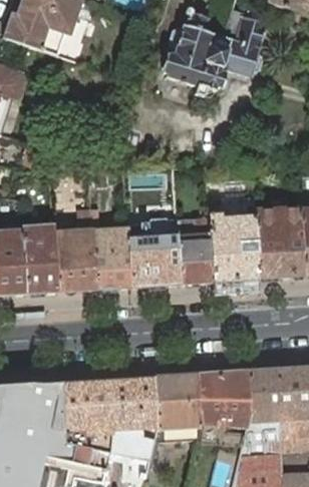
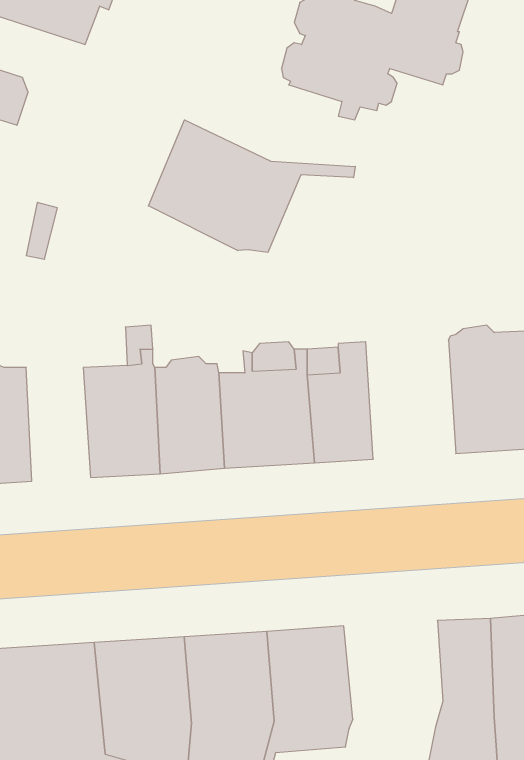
building: none -> [148,120,355,252]
building: [208,198,258,282] -> none
building: [22,224,58,294] -> none
building: [197,370,251,428] -> none

